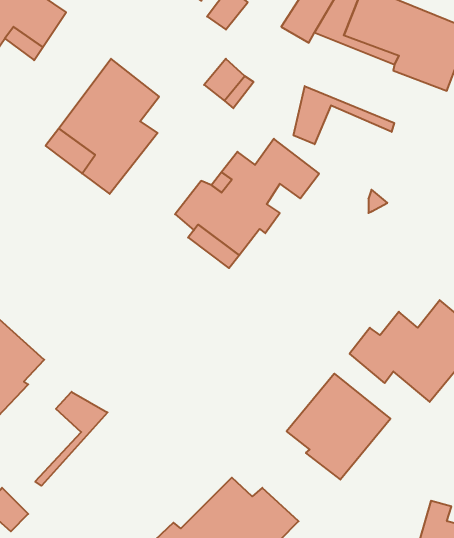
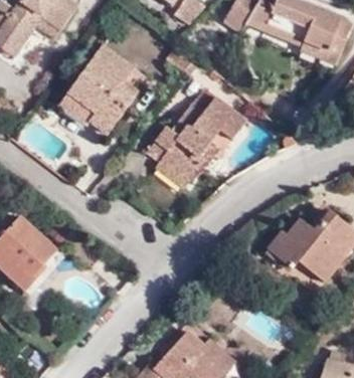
building: [294,86,394,144] -> none
building: [287,374,390,480] -> none
building: [35,392,108,486] -> none

